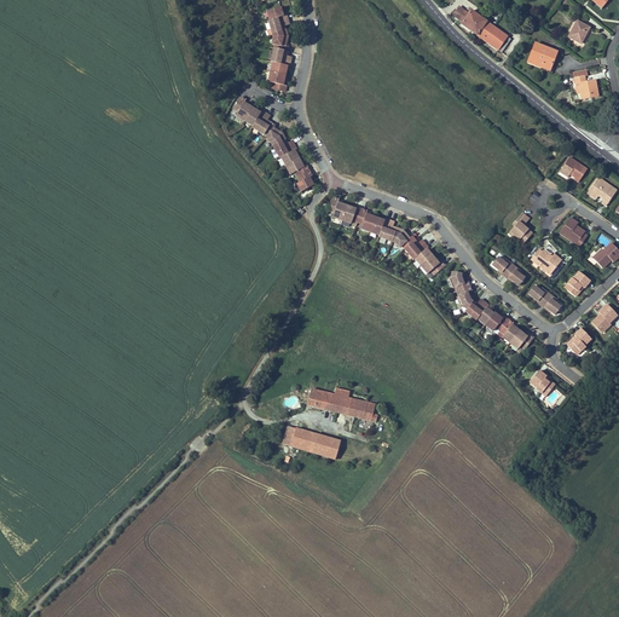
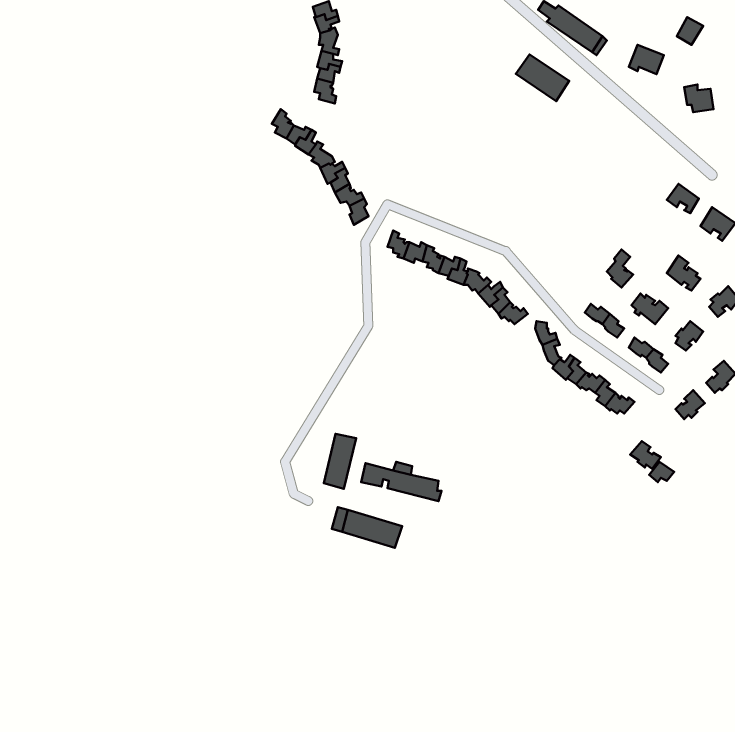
building: none -> [516,55,569,101]
building: none -> [324,434,356,489]

